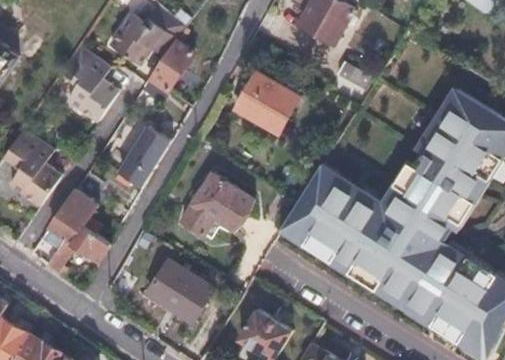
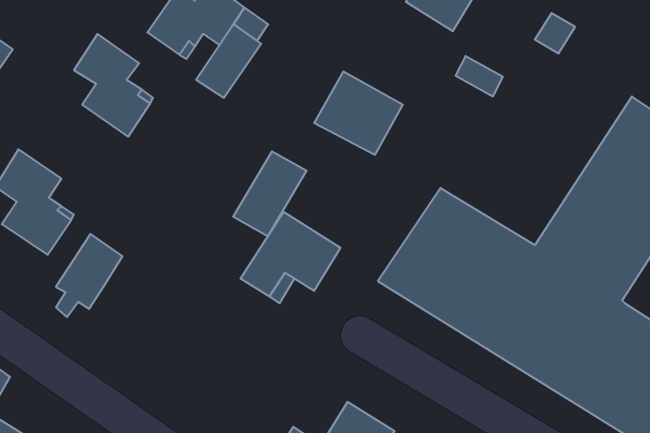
building: [118,126,171,187] -> [233,151,307,236]
building: [45,227,109,272] -> none
building: [135,261,213,323] -> none

